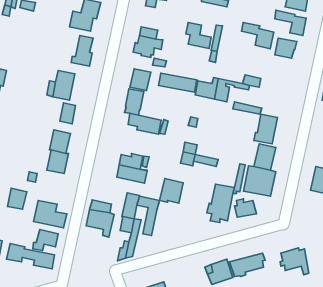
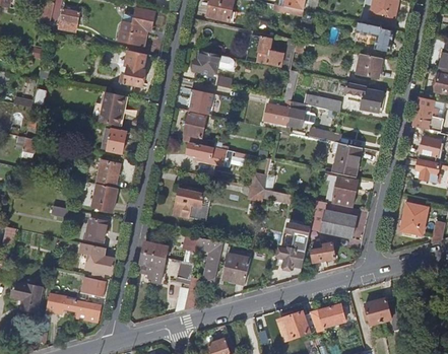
building: [241,22,274,49] -> [345,81,383,112]
building: [158,73,197,92] -> none
building: [160,179,183,203] -> [223,254,251,282]
building: [8,188,27,209] -> [85,217,108,241]

